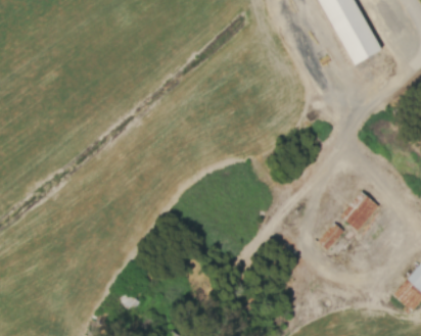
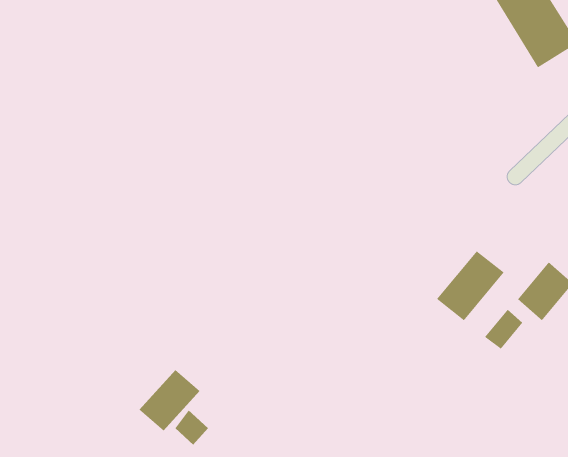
building: none -> [436,250,505,321]
building: none -> [138,369,201,431]

